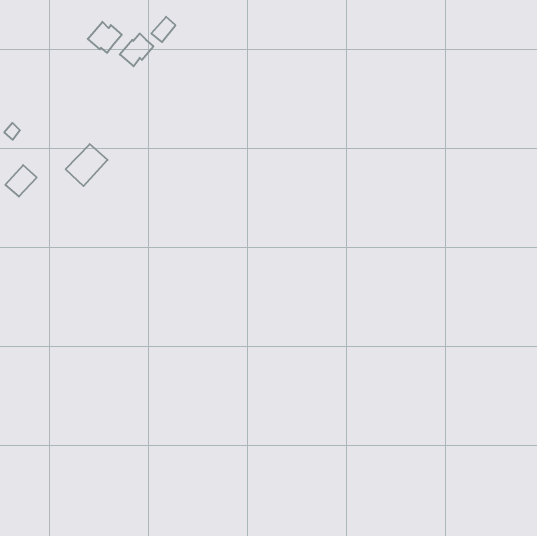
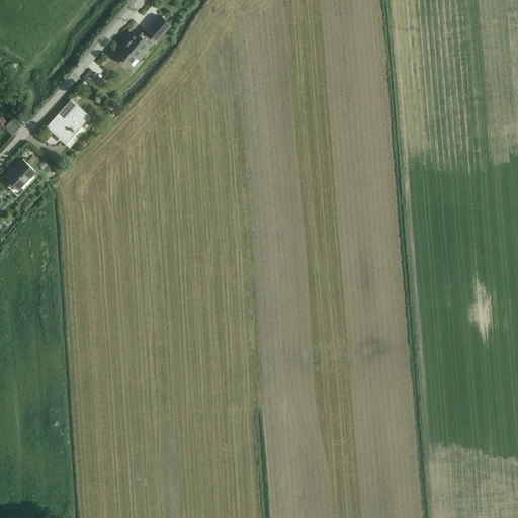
building: [88,22,122,53] -> none
building: [66,144,108,186] -> [48,102,88,143]

